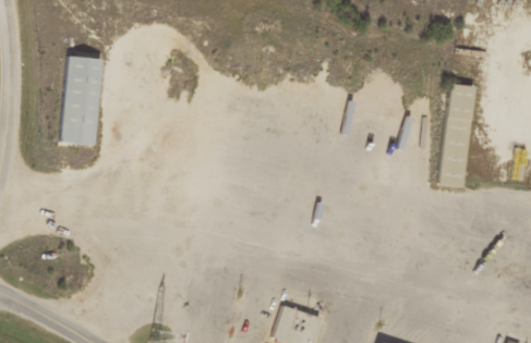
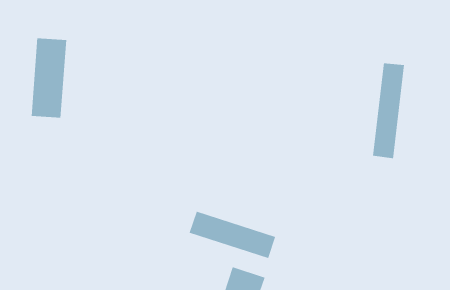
building: none -> [189,211,276,259]

